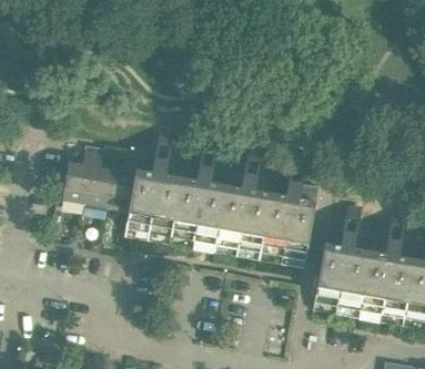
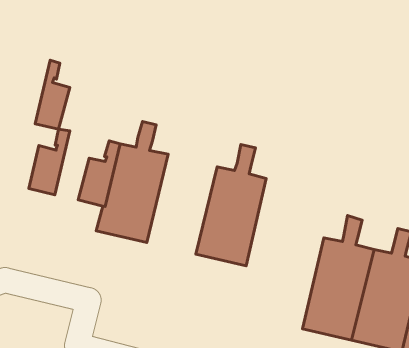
building: [170,142,229,249] -> none
building: [85,146,114,207] -> [35,60,70,129]
building: [260,157,318,266] -> none

